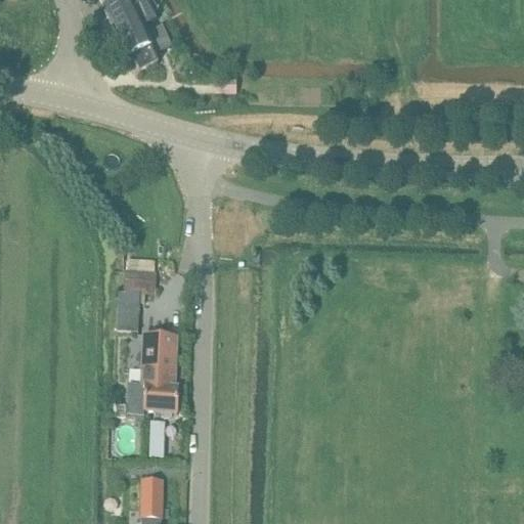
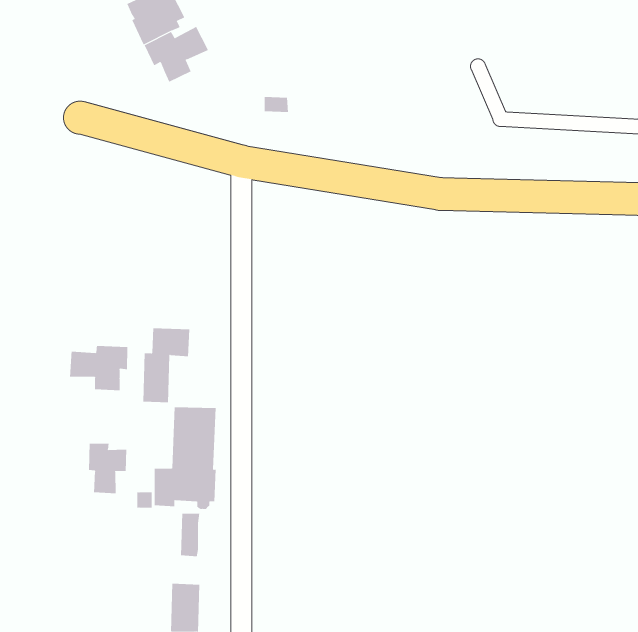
building: none -> [69,345,128,391]
building: none -> [88,443,127,494]

